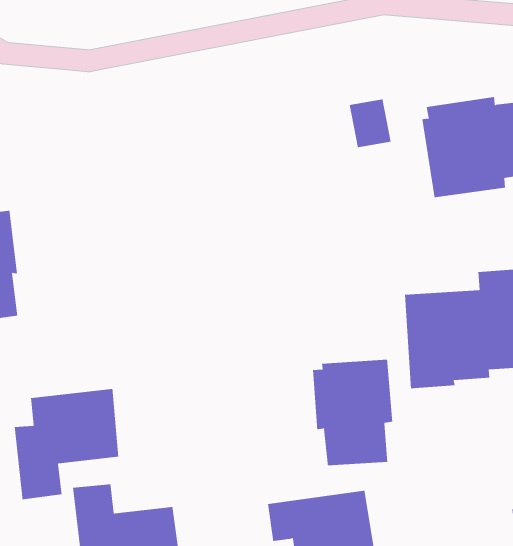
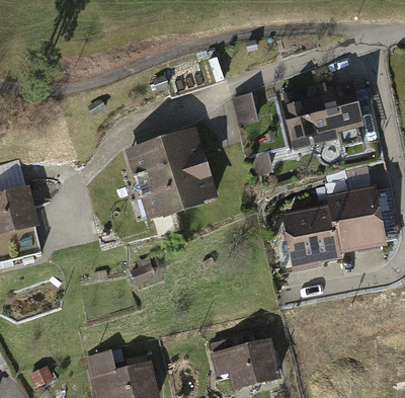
building: none -> [125,127,217,219]
building: [312,359,393,466] -> none
building: [14,388,119,500] -> none

